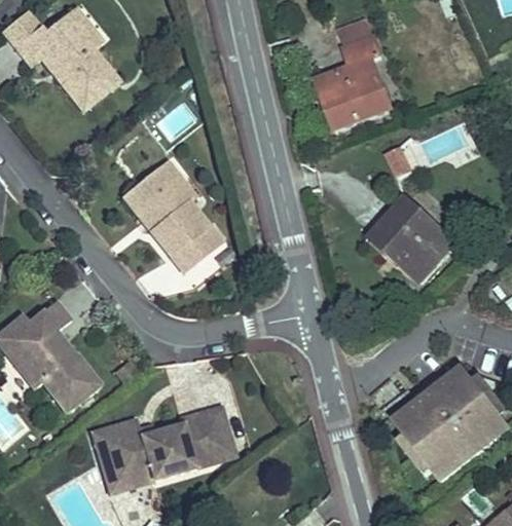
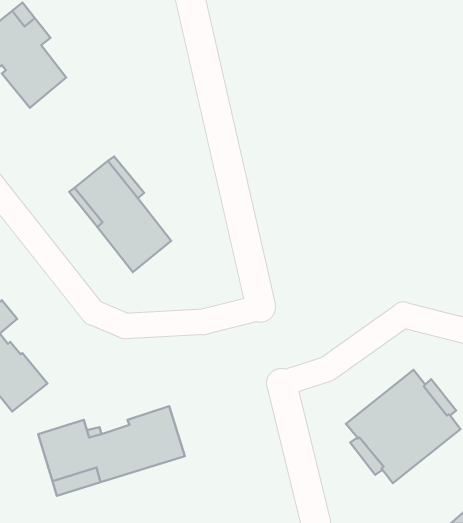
building: [316,17,391,129] -> none
building: [371,199,452,279] -> none

